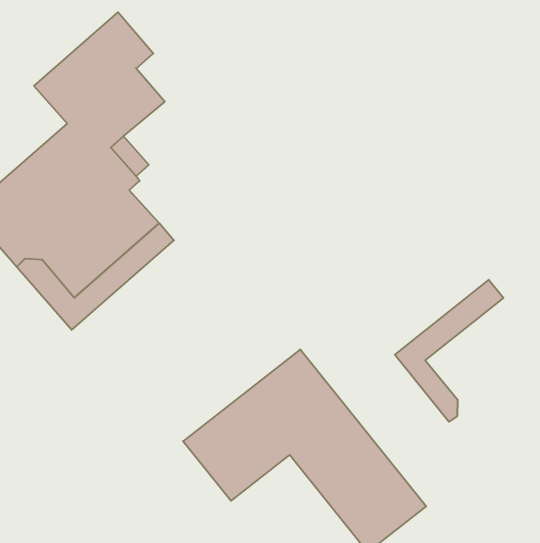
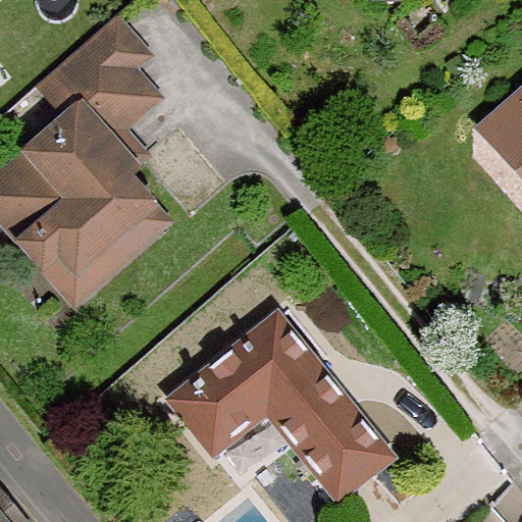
building: [395,280,503,422] -> none

